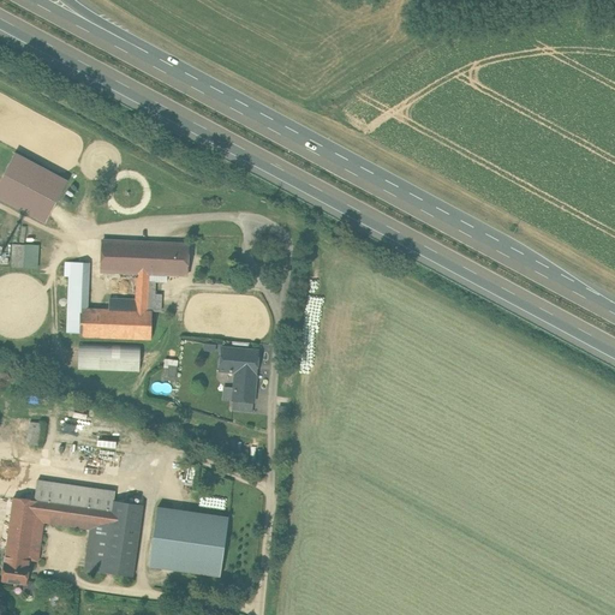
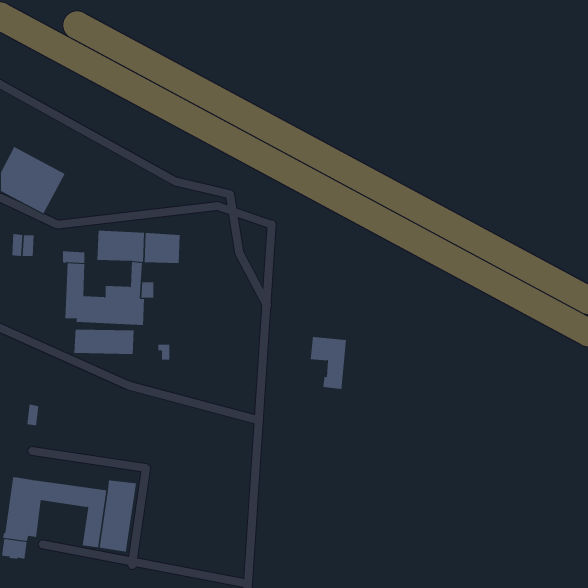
building: [220,347,258,402] -> [310,337,347,389]
building: [35,479,114,512] -> none
building: [150,508,228,577] -> none

